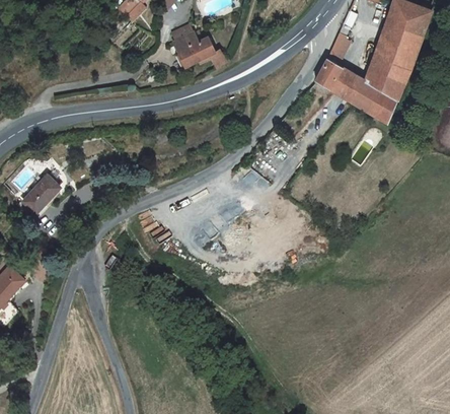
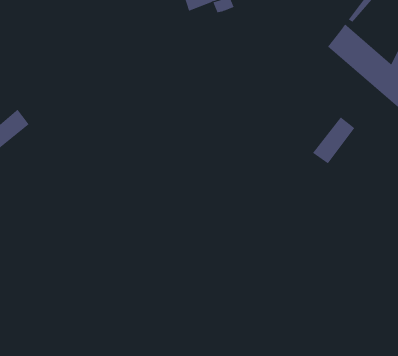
building: none -> [312,116,355,164]

